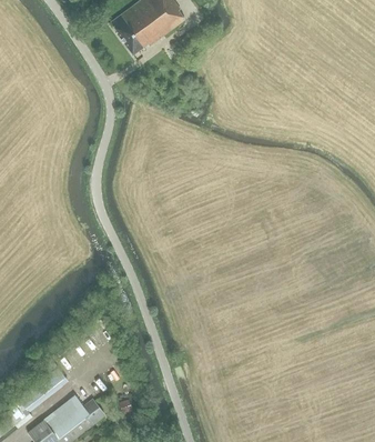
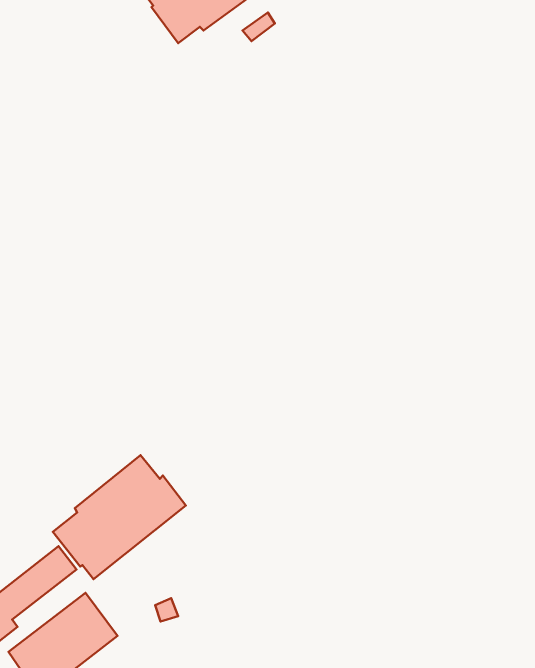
building: none -> [53,455,186,579]

